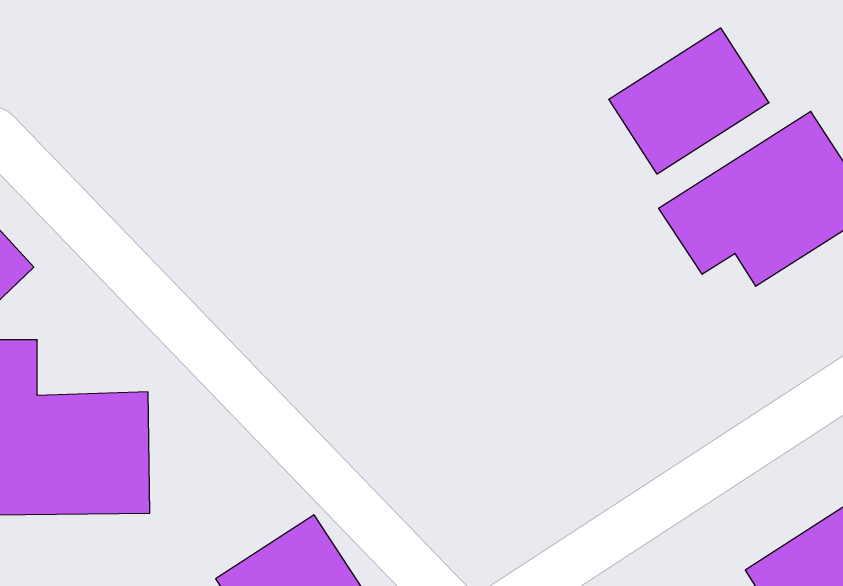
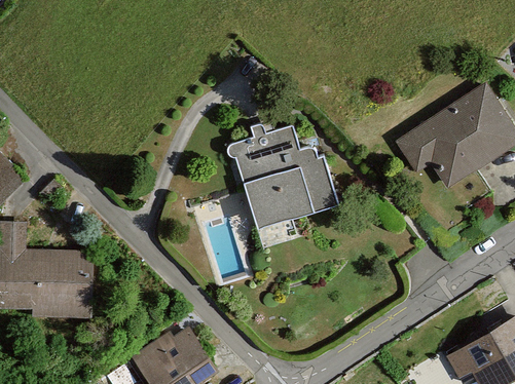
building: [609,28,769,174] -> none
building: none -> [224,107,343,238]

